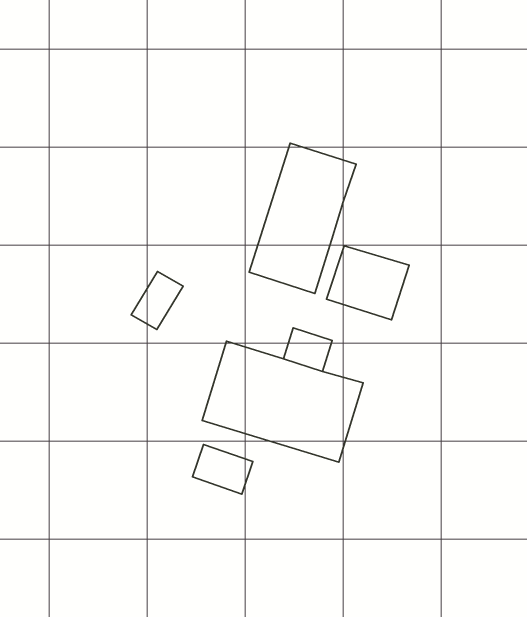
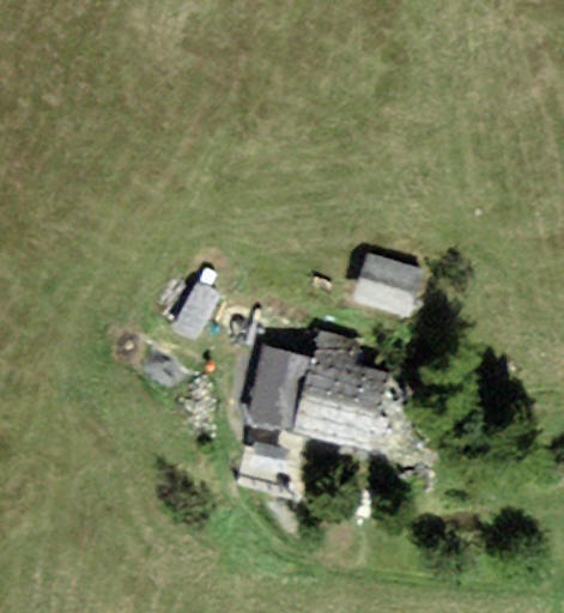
building: [249,143,356,293] -> none

